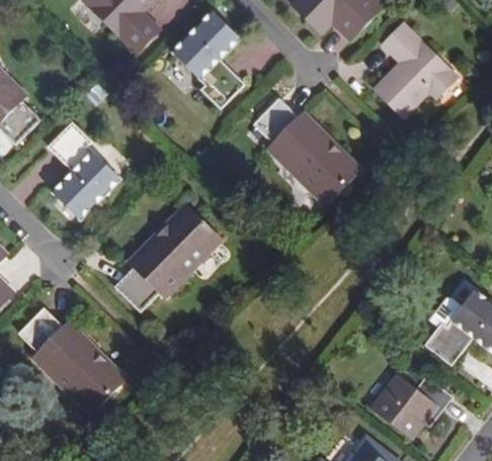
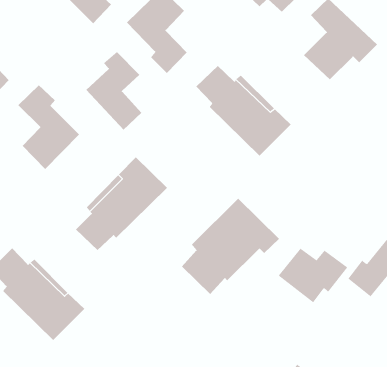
building: none -> [85,51,142,131]
building: none -> [181,198,280,295]
building: [370,374,449,437] -> [278,248,348,303]

